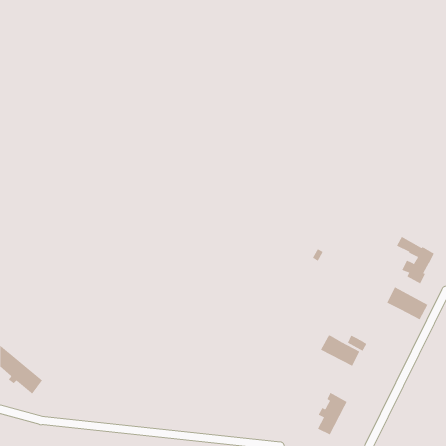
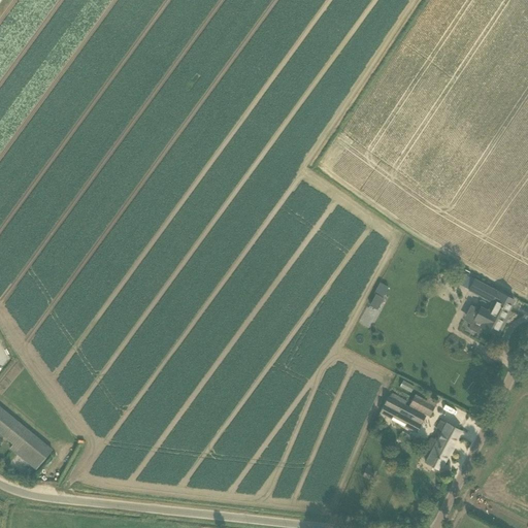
building: [386,286,428,320] -> none
building: [317,392,348,435] -> [424,419,460,469]

